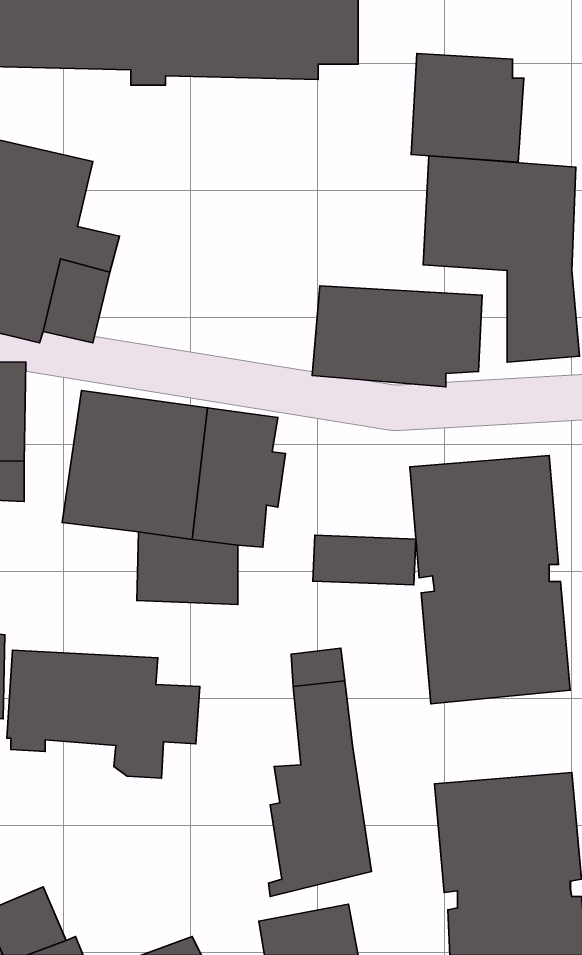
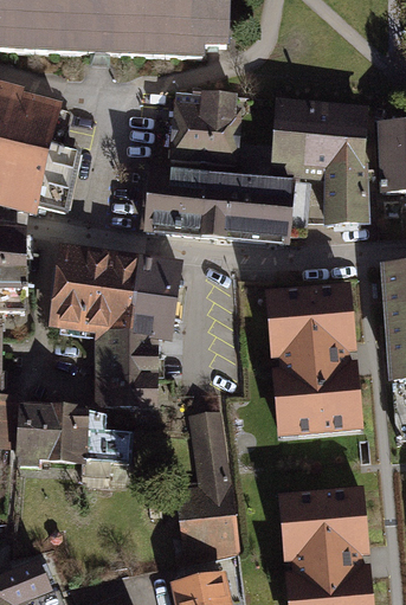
building: [411,53,524,162] -> [174,91,244,159]
building: none -> [141,174,208,236]
building: [313,535,416,585] -> [94,375,157,406]

